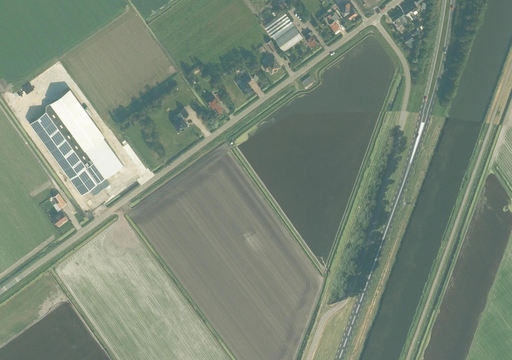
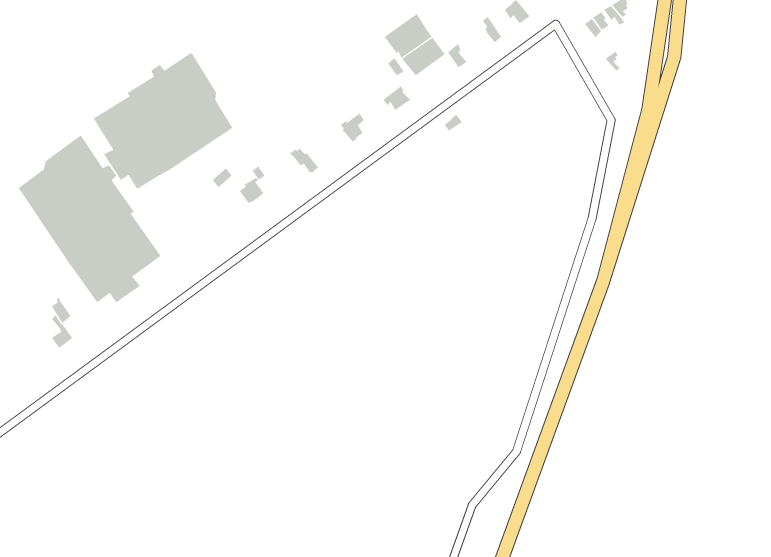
building: none -> [93,52,233,190]

